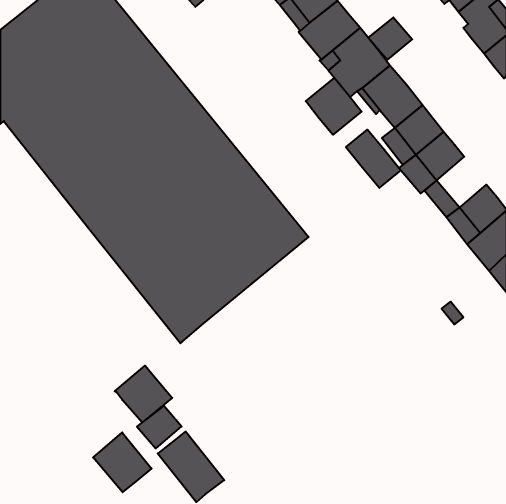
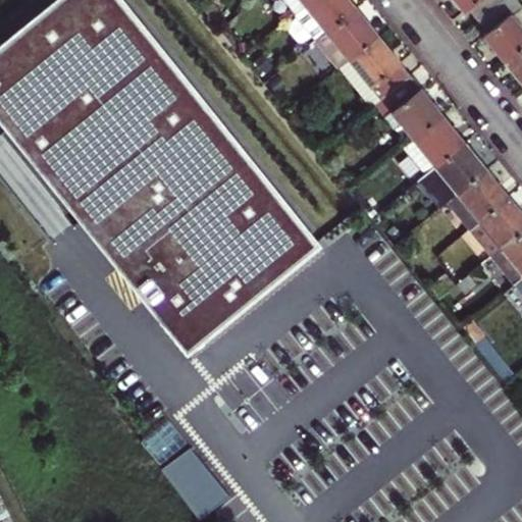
building: [368,17,412,60] -> none
building: [306,78,362,135] -> none
building: [346,130,401,188] -> none
building: none -> [450,161,501,213]
building: [115,366,172,422] -> none
building: [93,432,152,492] -> none

